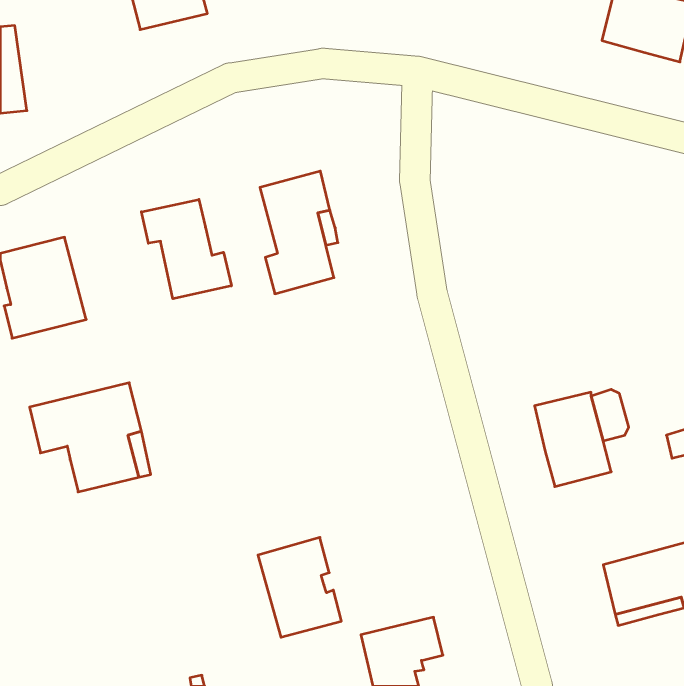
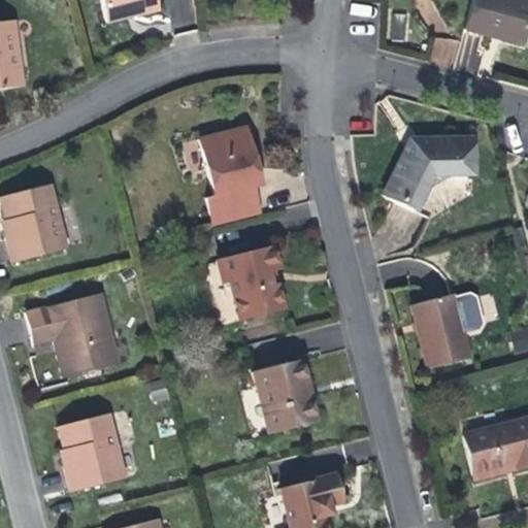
building: none -> [383,140,470,208]
building: [141,199,231,299] -> none
building: none -> [219,243,285,319]
building: [258,537,341,637] -> [255,355,319,431]
building: none -> [59,411,126,490]

